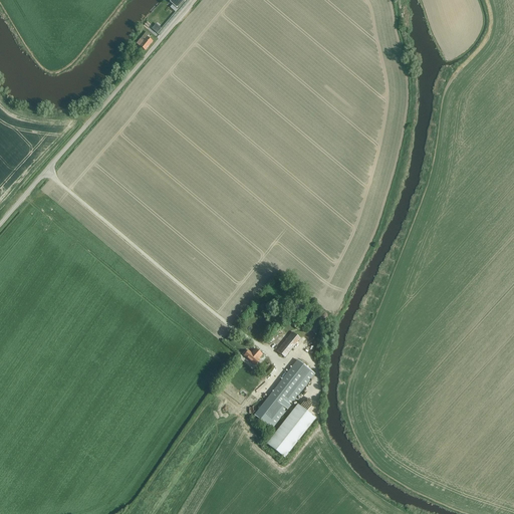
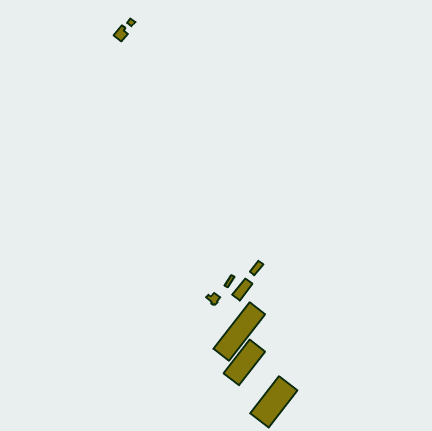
building: none -> [250,376,297,428]

